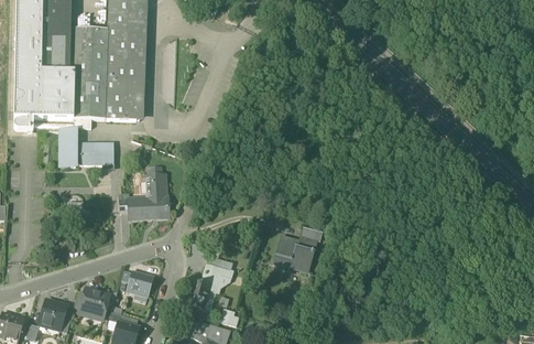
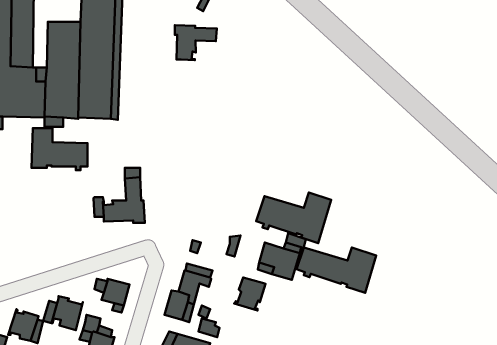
building: none -> [175,25,217,60]
building: none -> [256,193,331,243]
building: none -> [296,247,376,293]
building: none -> [234,278,266,311]

